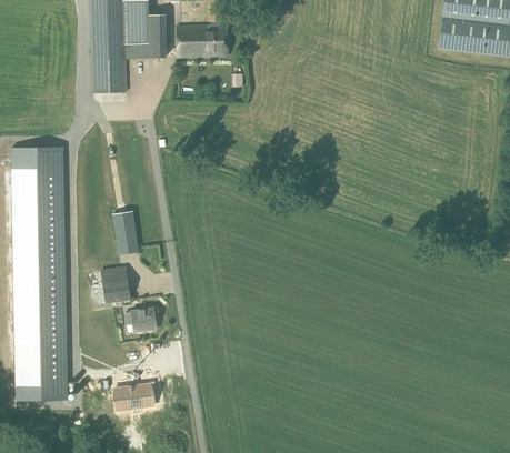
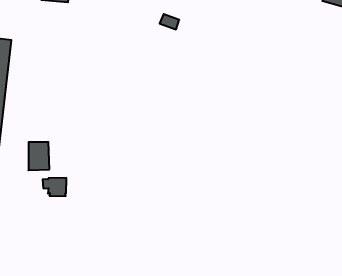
building: [112,210,140,254] -> none
building: [121,389,150,410] -> none

